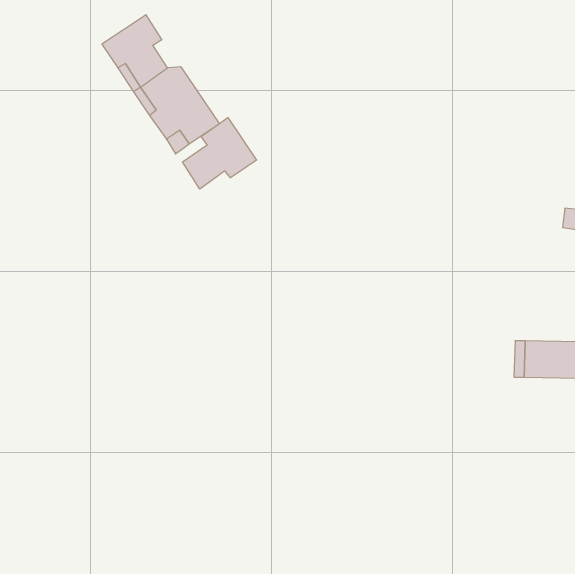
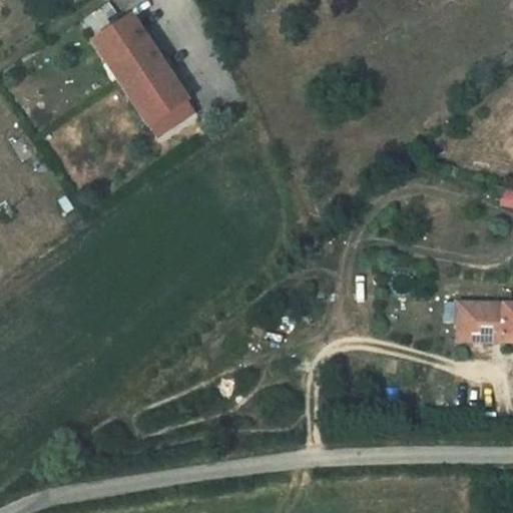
building: [183,118,257,189] -> none

